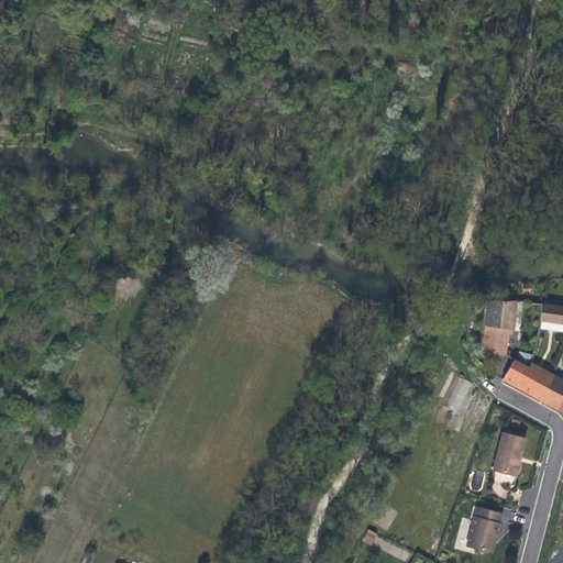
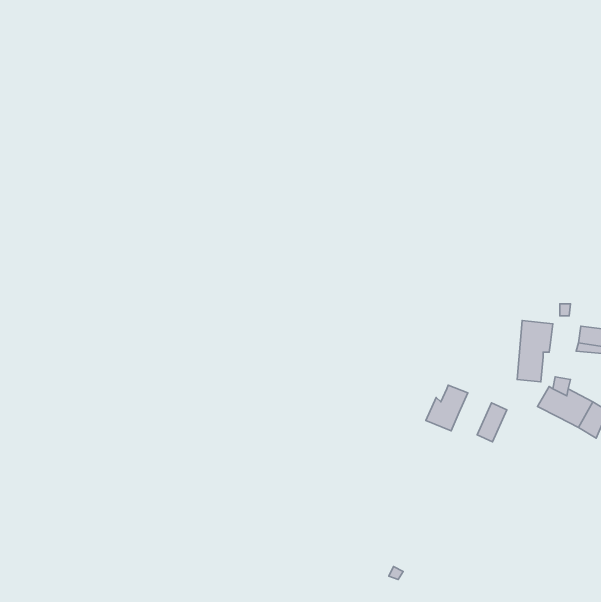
building: none -> [426,385,468,431]
building: [494,432,526,476] -> none
building: [467,507,503,551] -> none

